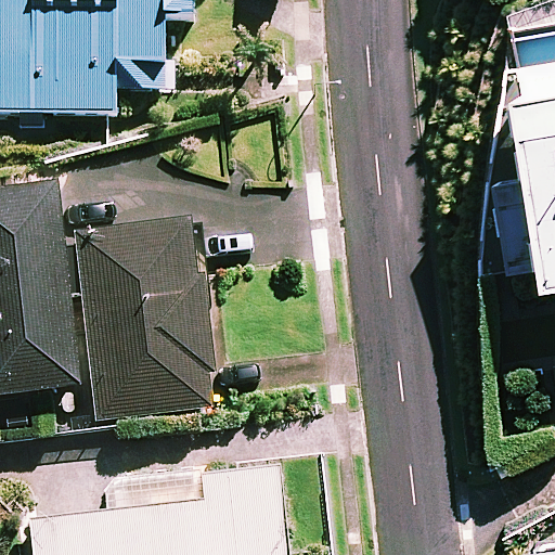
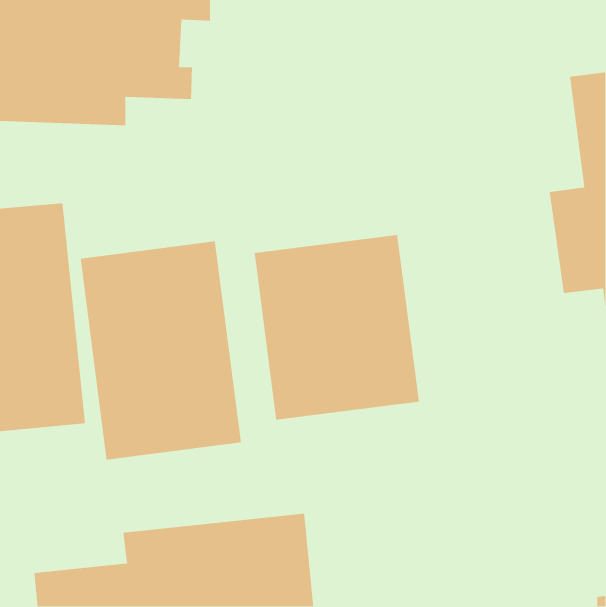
building: none -> [254,234,420,421]

